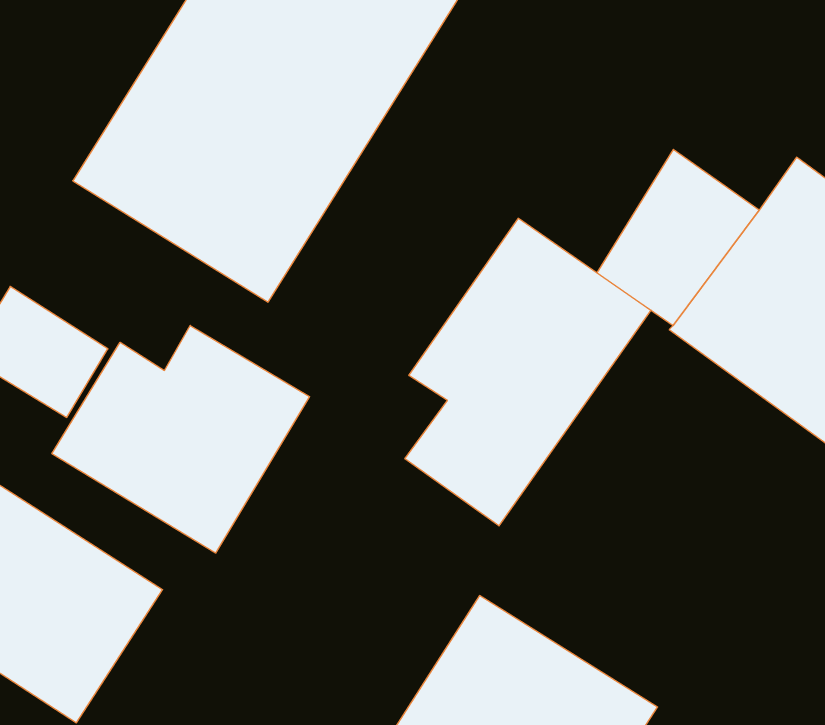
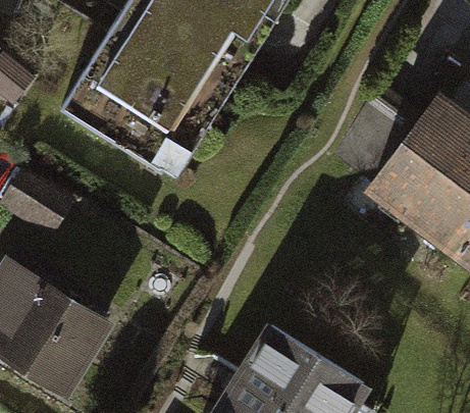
building: [405,218,651,526] -> none
building: [52,325,310,553] -> none

